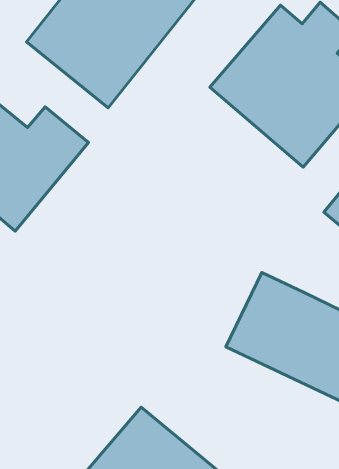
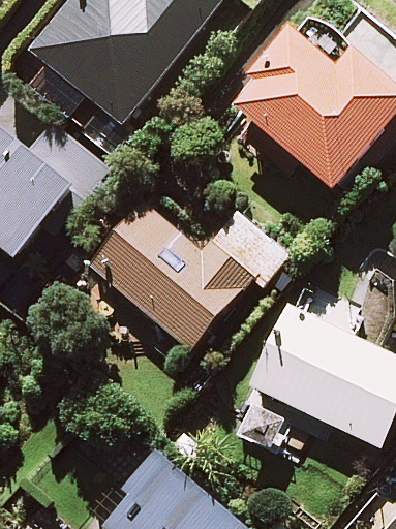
building: none -> [89,203,277,351]

